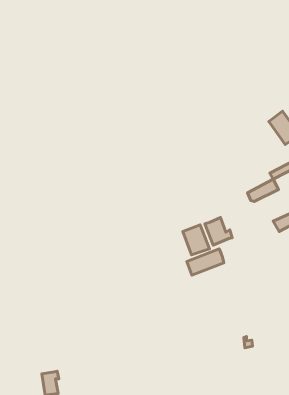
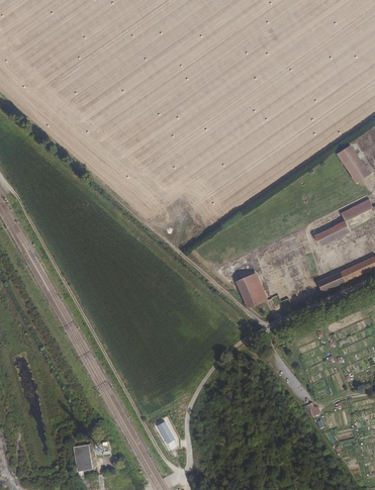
building: [205,217,232,245] -> none
building: [187,249,224,275] -> none

